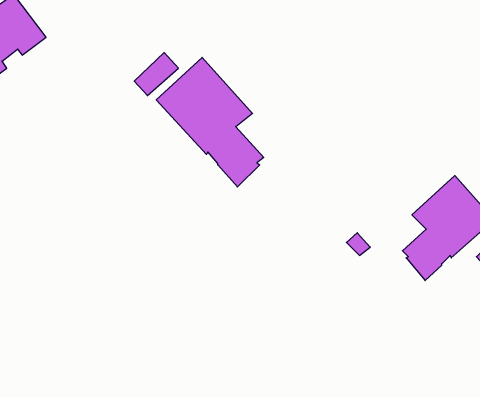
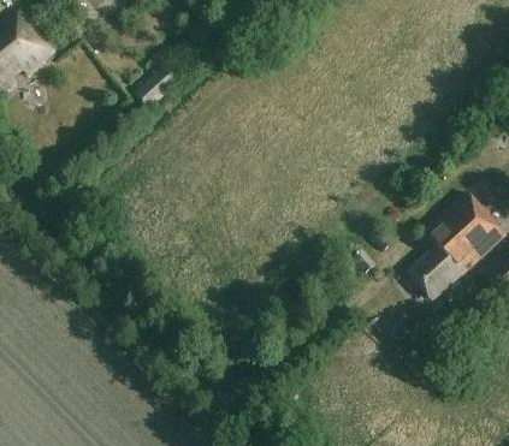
building: [156,57,264,187] -> none

